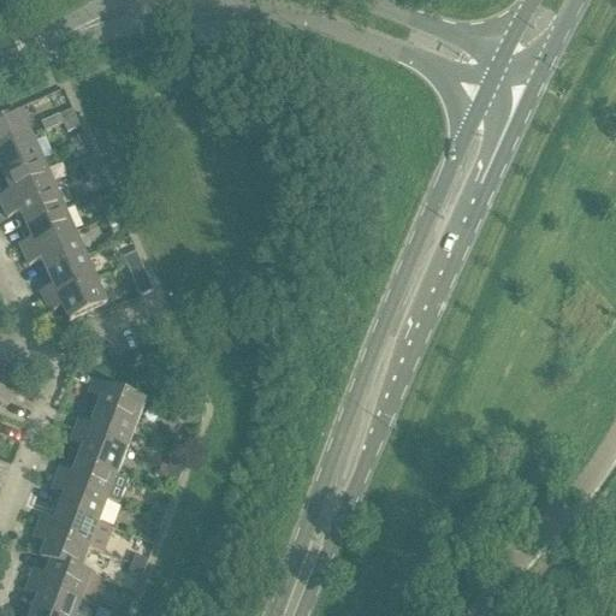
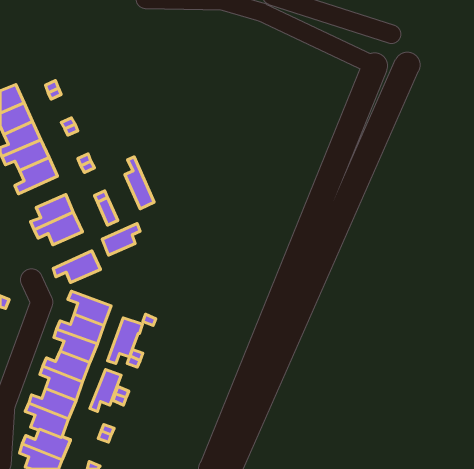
building: none -> [125,157,154,209]
building: [24,229,85,270] -> [53,251,100,282]
building: none -> [102,224,140,255]
building: none -> [108,318,142,364]
building: none -> [90,370,121,412]

